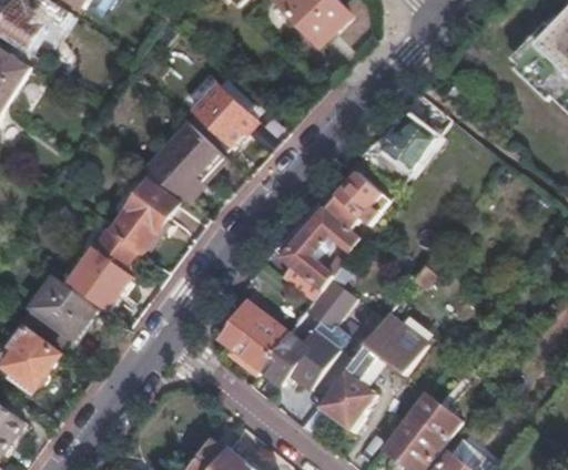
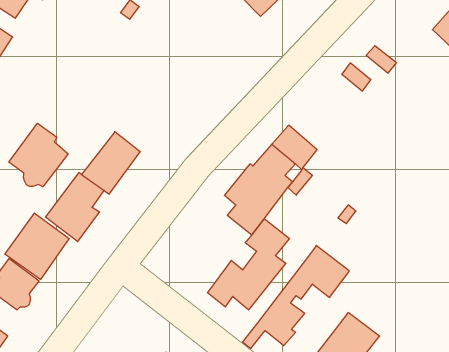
building: [194,84,255,144] -> none
building: [145,122,220,196] -> none
building: [379,122,433,171] -> none
building: none -> [9,123,68,187]
building: [221,305,281,370] -> none

